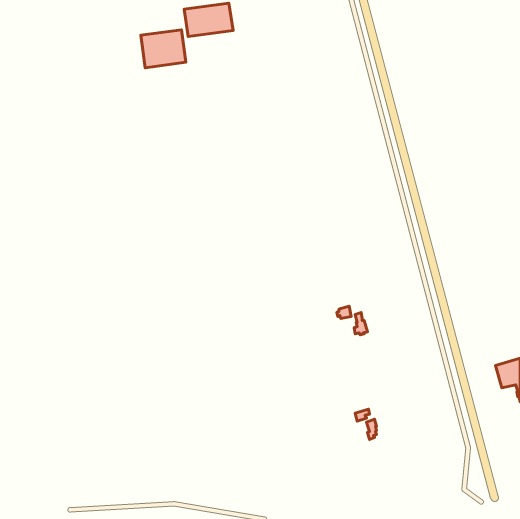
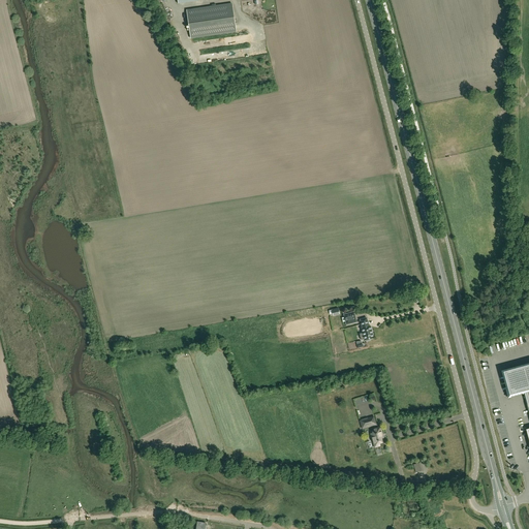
building: [141,30,186,68] -> none

